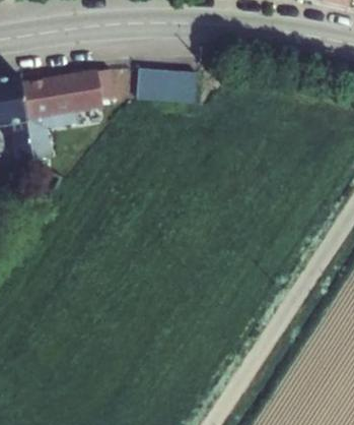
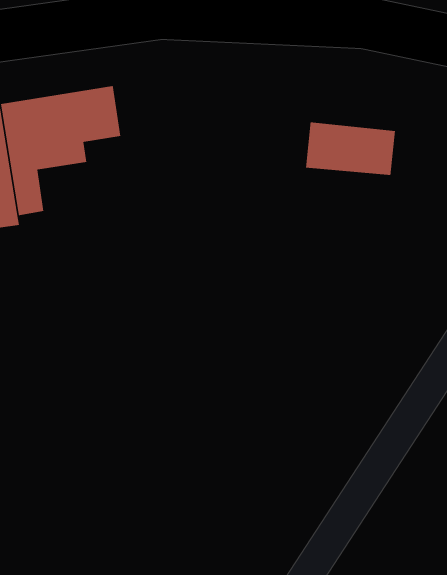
building: [146,68,206,104] -> [305,122,396,175]

